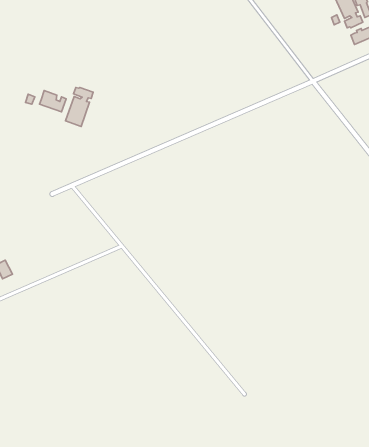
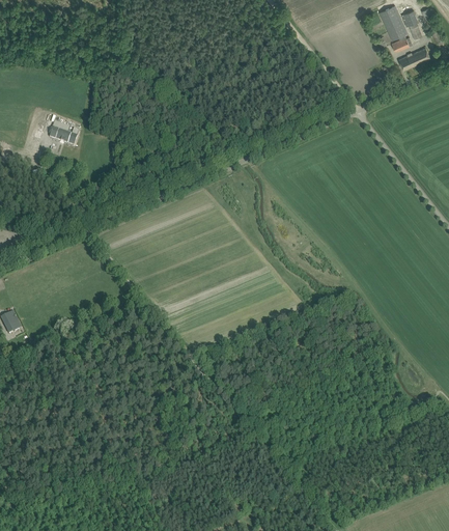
building: [65,87,93,127] -> none

